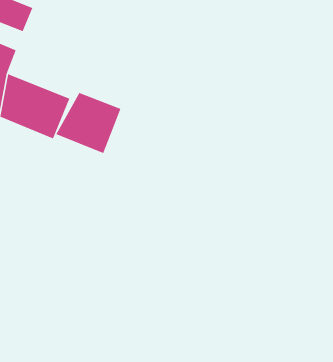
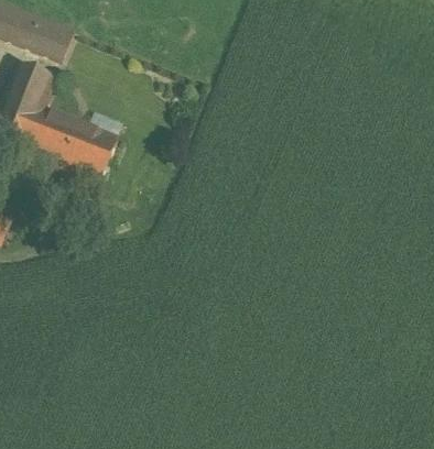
building: [55,92,121,154] -> none

